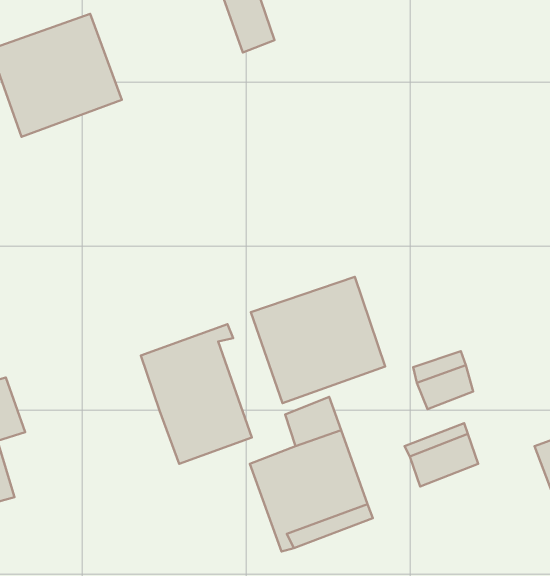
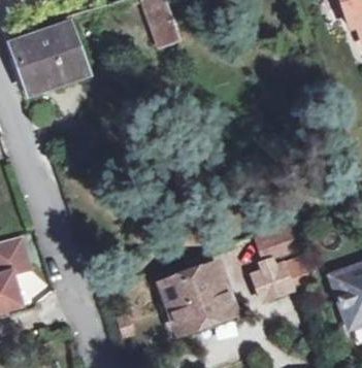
building: [251,277,385,403] -> none
building: [141,324,252,464] -> none

